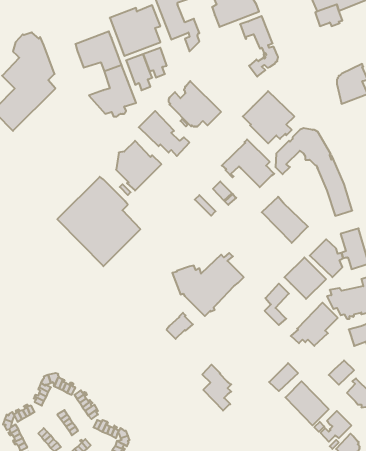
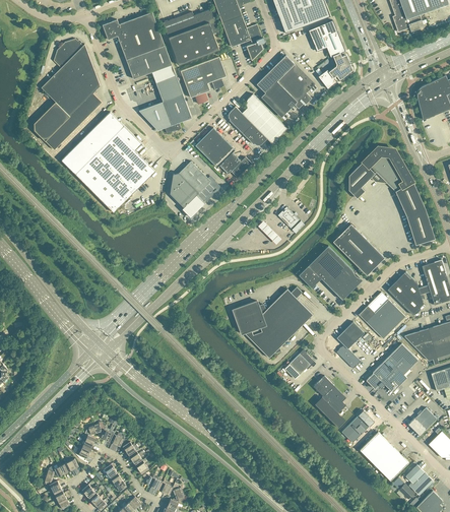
building: none -> [102,11,160,52]
building: [243,91,294,143] -> [256,55,314,114]
building: [222,139,274,187] -> [299,245,358,299]
building: [57,177,140,266] -> [61,112,154,212]
building: [167,313,193,339] -> [284,348,314,378]
building: [202,365,231,411] -> [313,375,345,427]

